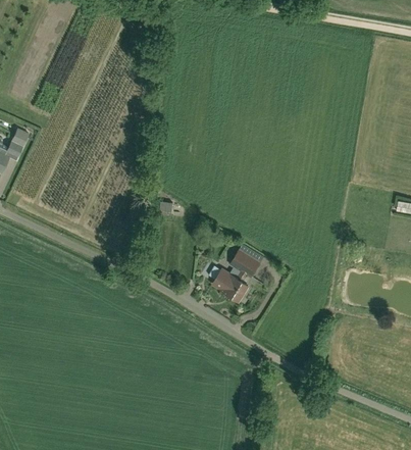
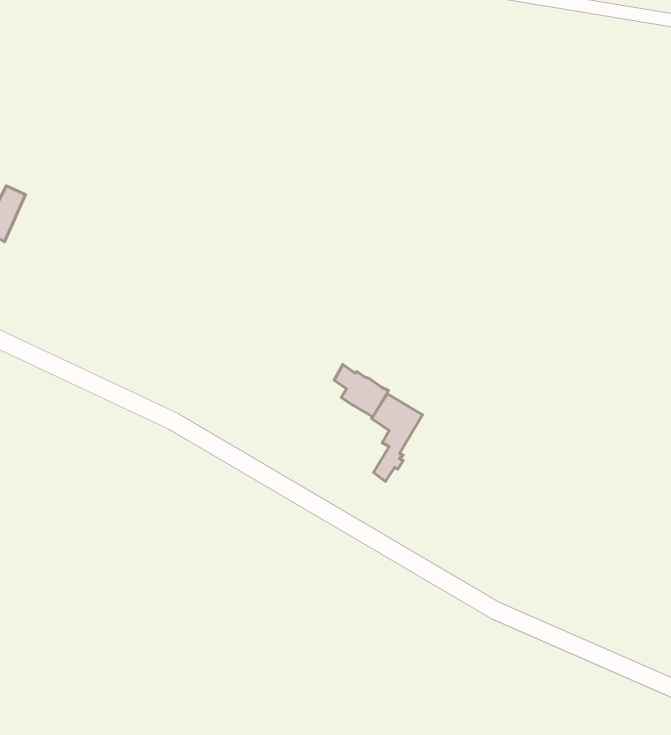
building: [209,264,241,295] -> [334,364,388,417]

